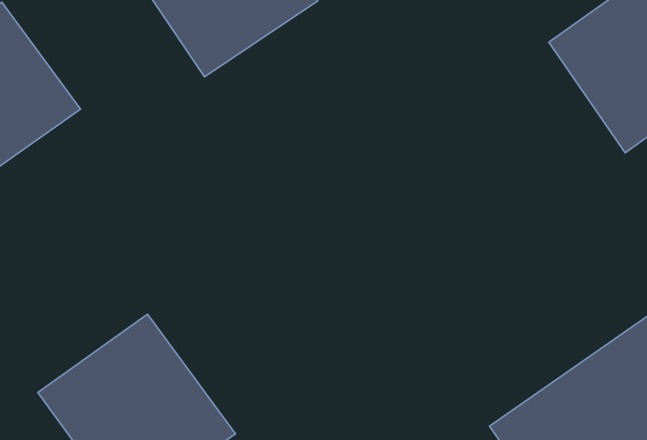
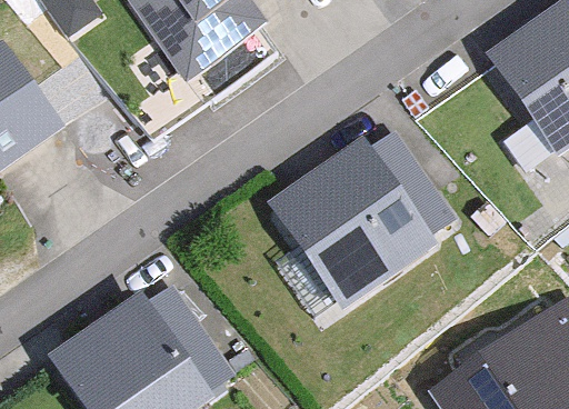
building: none -> [269,134,442,310]

